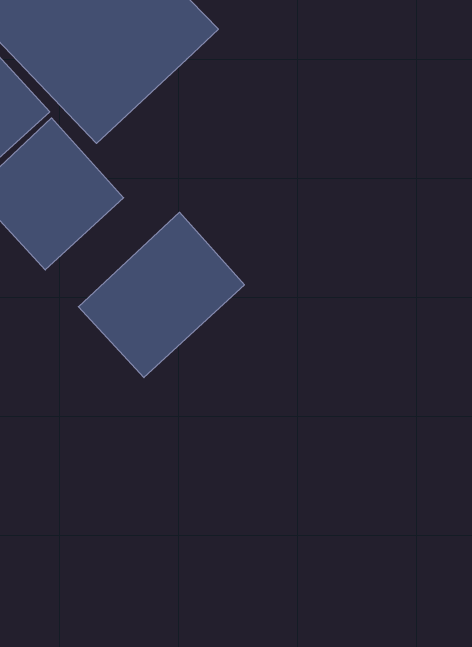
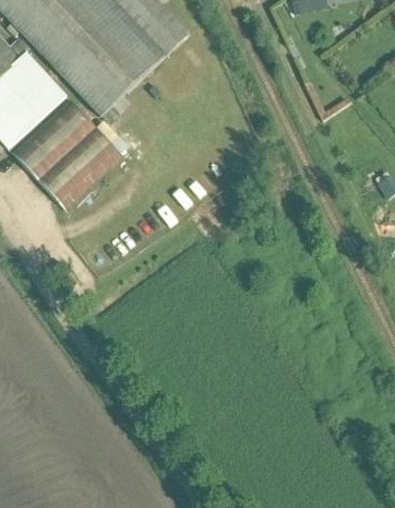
building: [78,212,244,378] -> none

